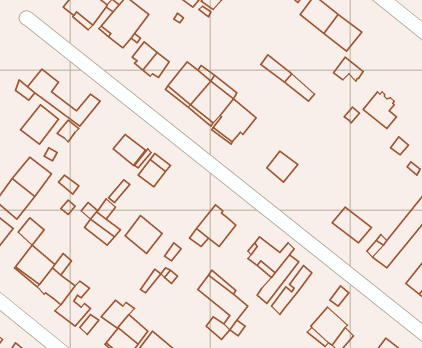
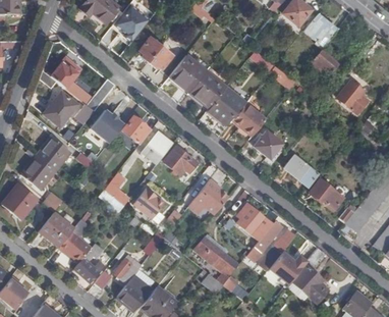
building: none -> [233,103,266,135]
building: none -> [90,108,123,142]
building: none -> [164,147,196,174]
building: none -> [284,156,319,188]
building: none -> [269,251,307,286]

